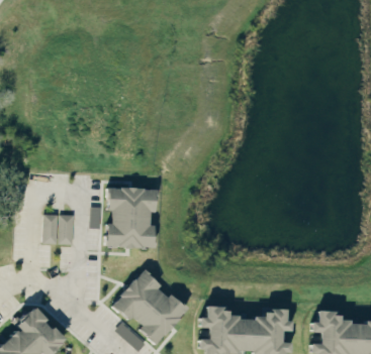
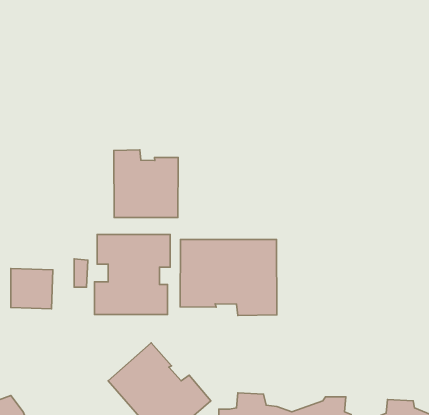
building: none -> [114,150,178,218]
building: none -> [180,240,277,316]

